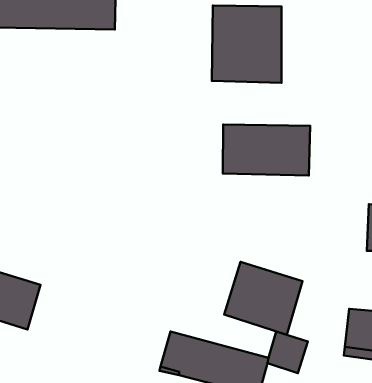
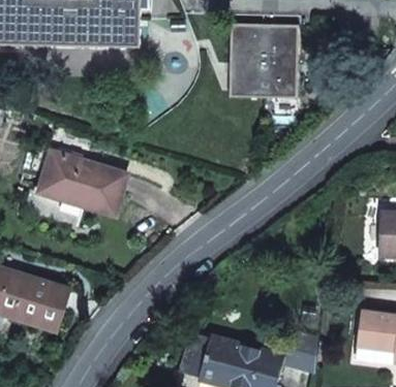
building: [223,125,310,175] -> none
building: none -> [38,150,127,216]
building: [224,262,302,335] -> none

